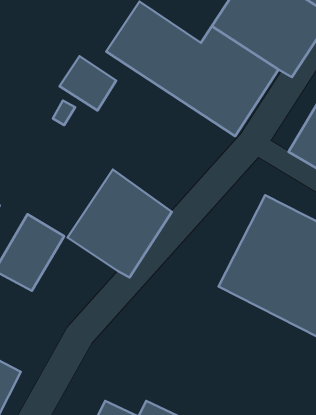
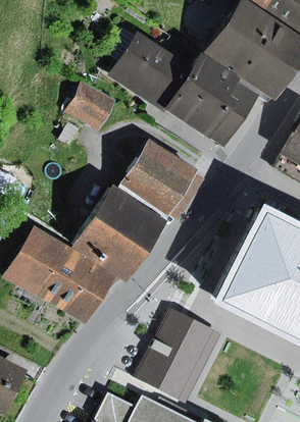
building: none -> [117,141,204,223]
building: none -> [39,246,117,324]
building: none -> [133,310,209,398]

